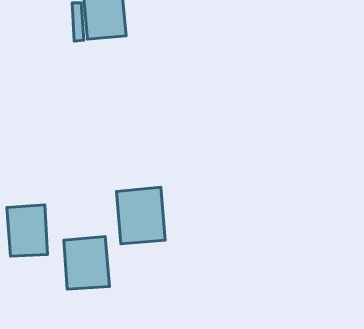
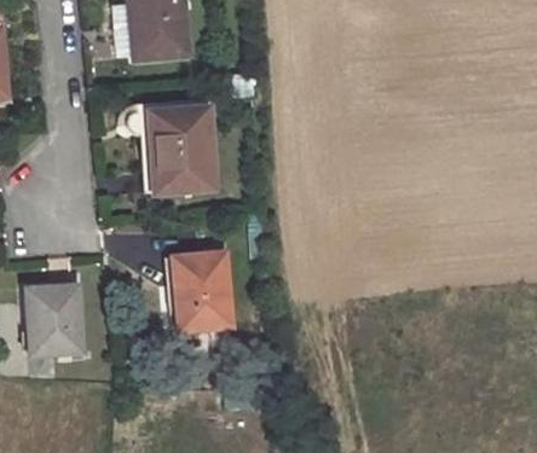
building: none -> [125,104,209,191]
building: [64,237,109,289] -> none

